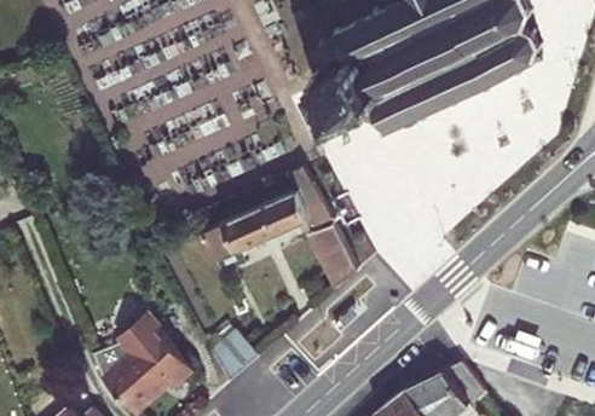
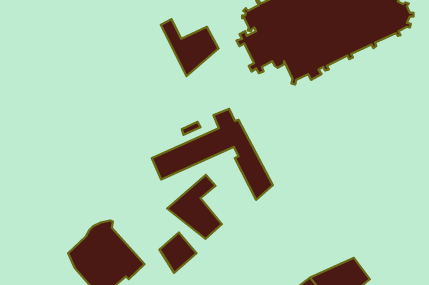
building: none -> [161,19,218,76]
building: none -> [167,175,222,239]

